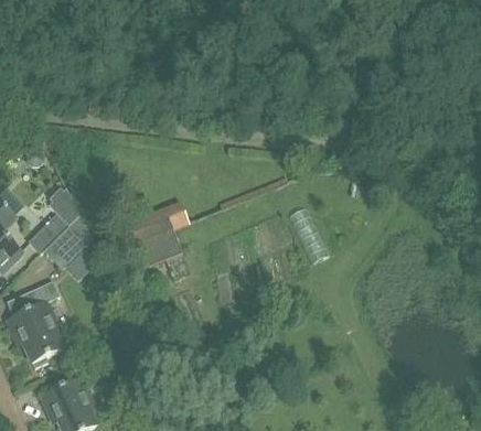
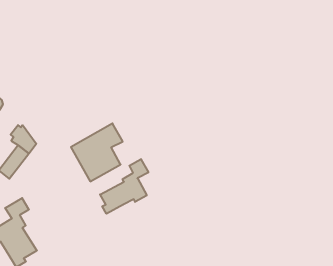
building: [43,214,93,269] -> none
building: none -> [100,159,148,214]

